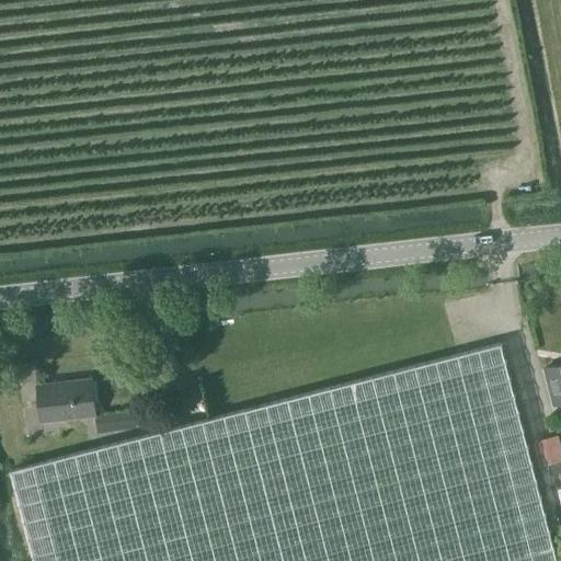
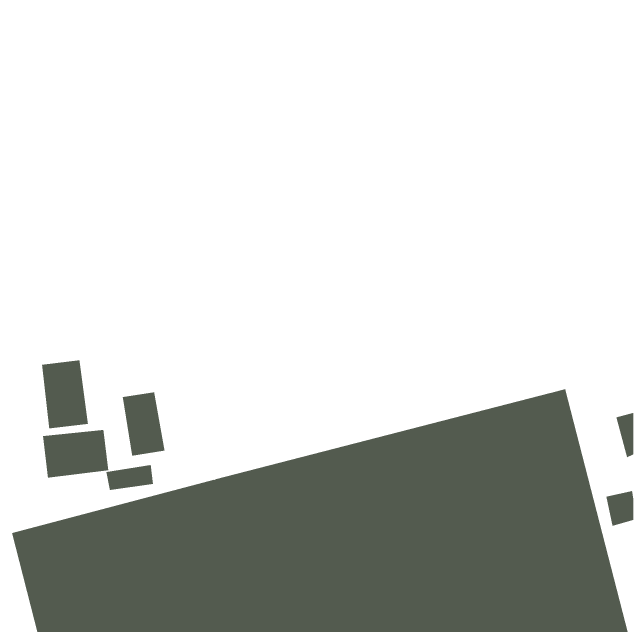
building: none -> [41,360,89,429]
building: none -> [122,391,165,457]

